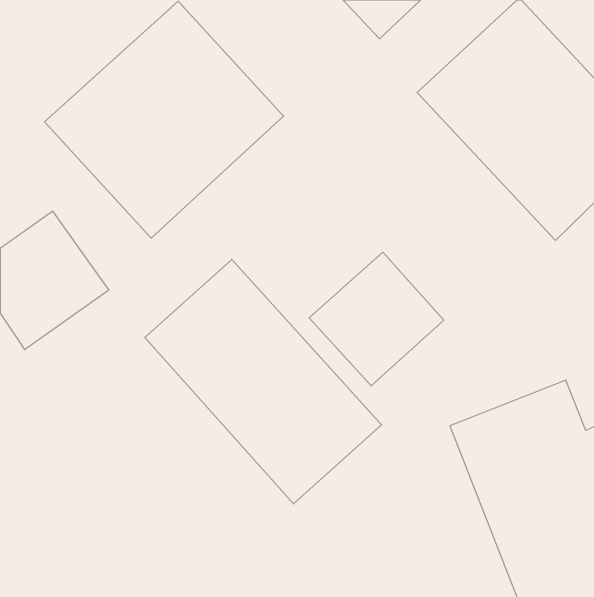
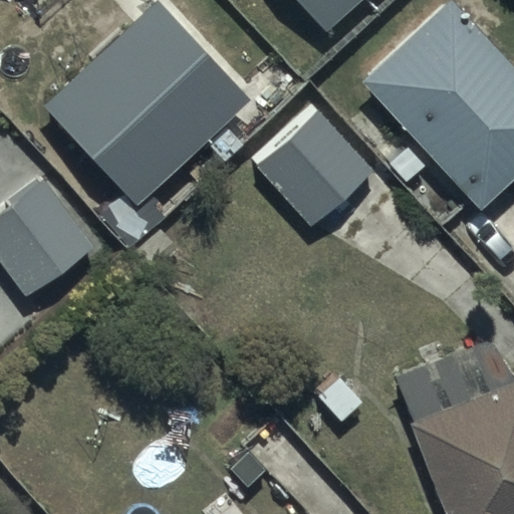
building: [309,252,444,386] -> [259,112,374,227]
building: [145,259,382,504] -> none

